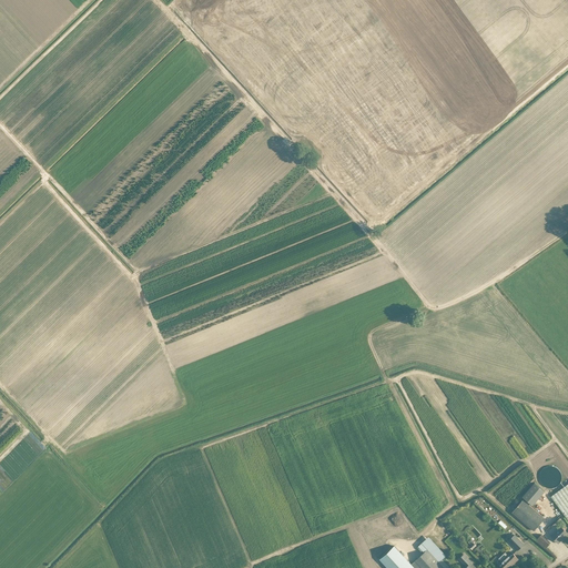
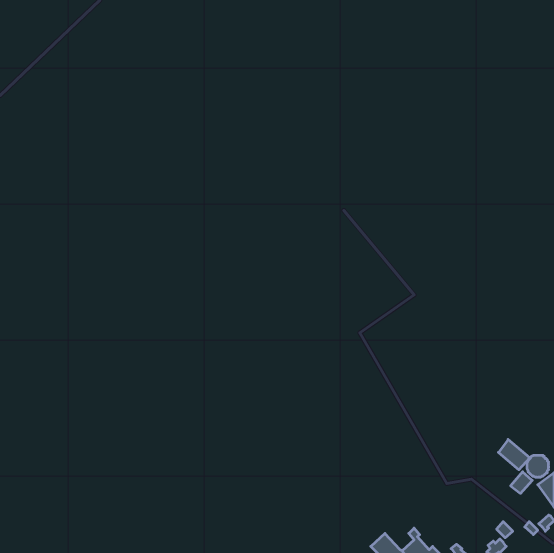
building: [513,500,545,531] -> [498,439,530,470]

